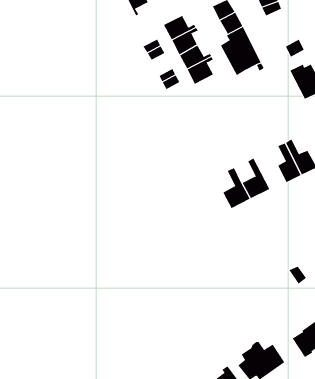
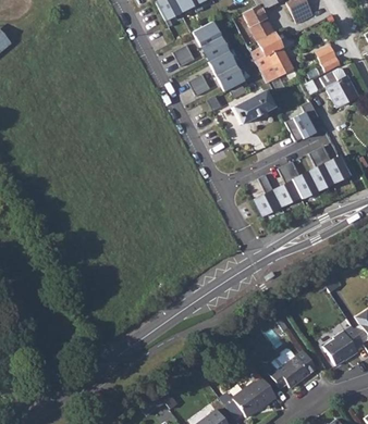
building: none -> [232,89,274,123]
building: none -> [285,101,318,140]
building: none -> [285,161,318,197]

